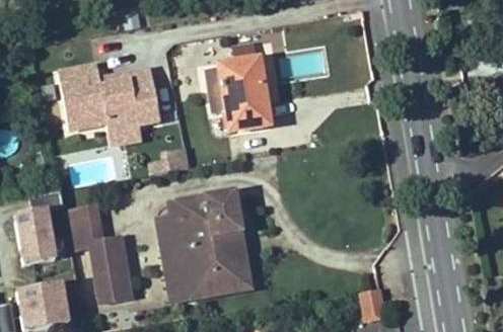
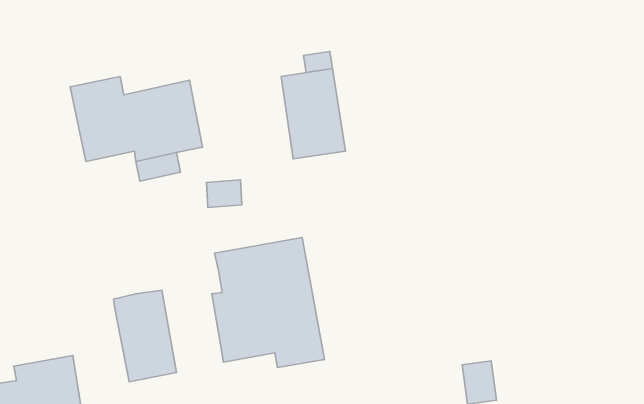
building: [13,189,64,267] -> none
building: [65,203,106,251] -> none
building: [158,217,216,304] -> none

